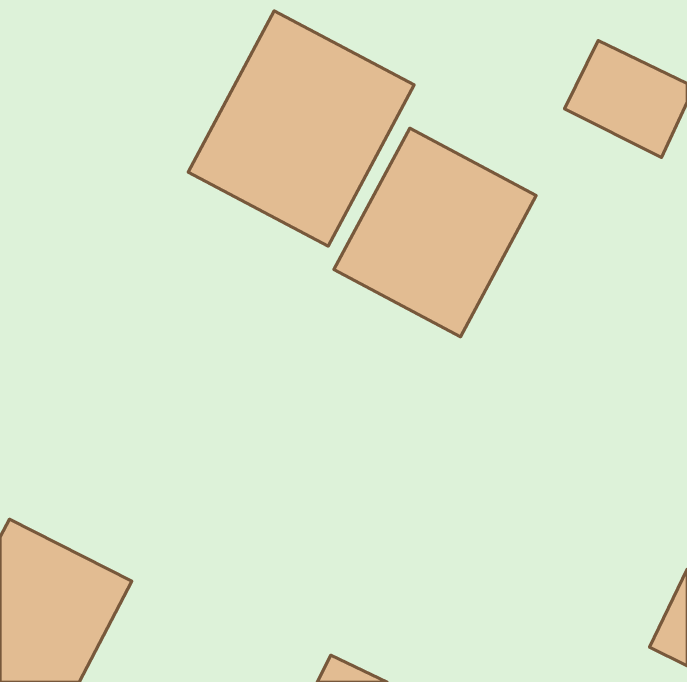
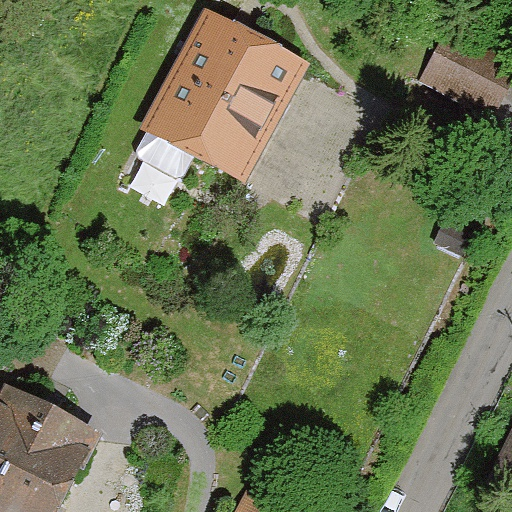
building: [334,128,536,337] -> none

